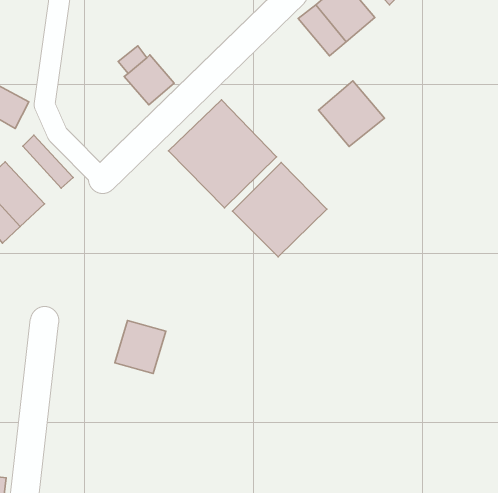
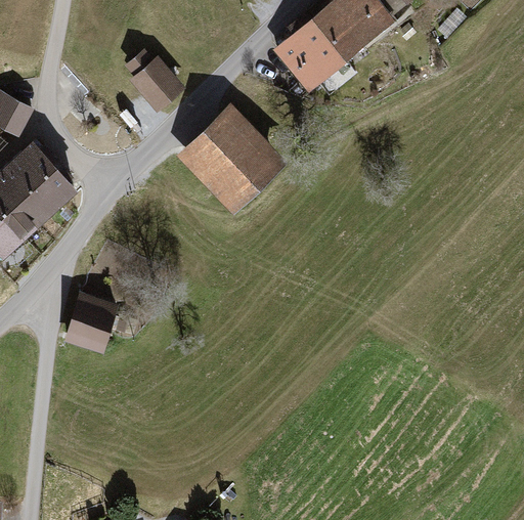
building: [319,81,384,147] -> [275,20,344,89]
building: none -> [6,154,64,214]
building: [232,163,327,257] -> none
building: [115,320,166,373] -> [72,294,125,349]

